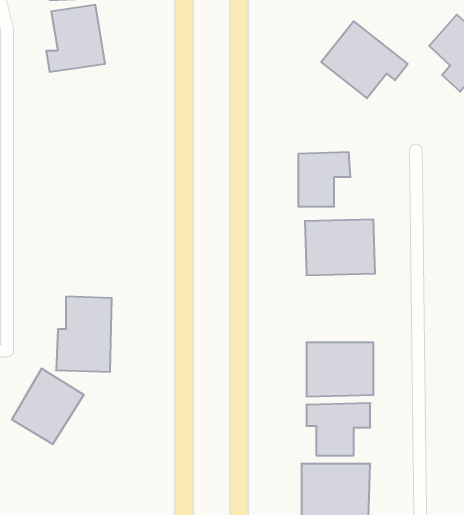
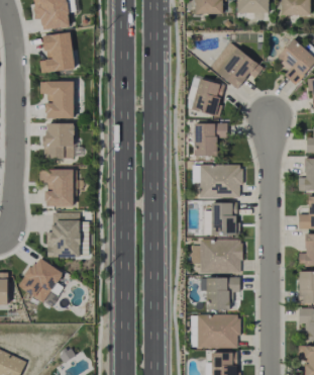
building: none -> [191,78,224,116]
building: none -> [39,80,74,118]
building: none -> [43,122,75,159]
building: none -> [39,169,74,206]
building: none -> [204,202,236,236]

